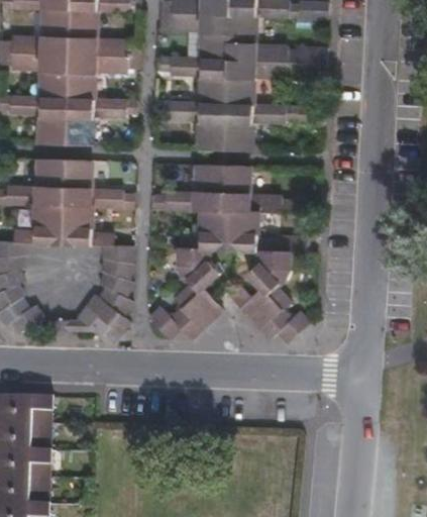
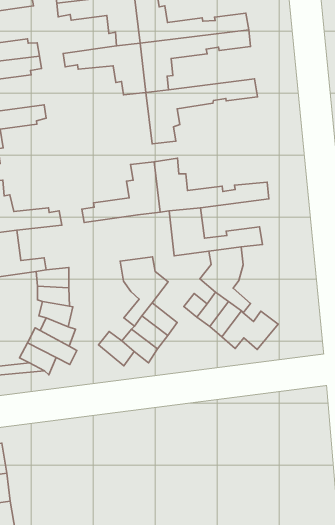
building: [157,101,227,149] -> none
building: [180,210,230,251] -> none

